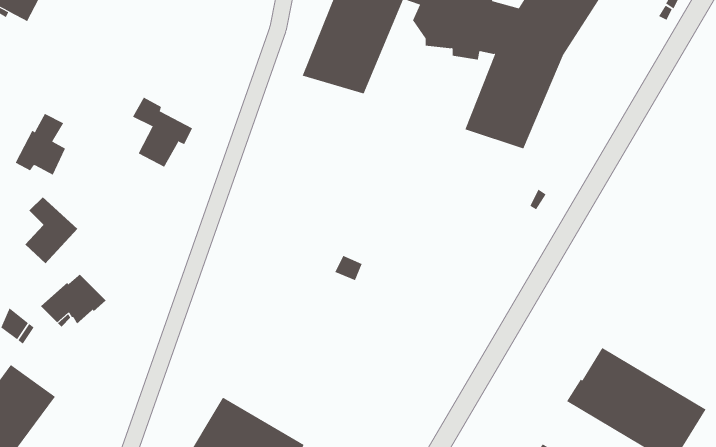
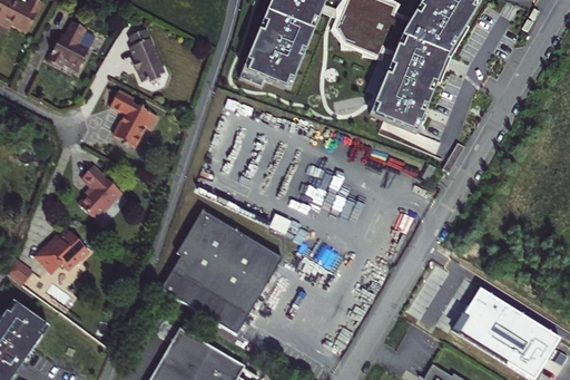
building: none -> [127,27,164,80]
building: [15,113,66,175] -> [47,19,87,68]
building: [24,196,78,264] -> [78,165,120,218]
building: none -> [159,206,281,331]

